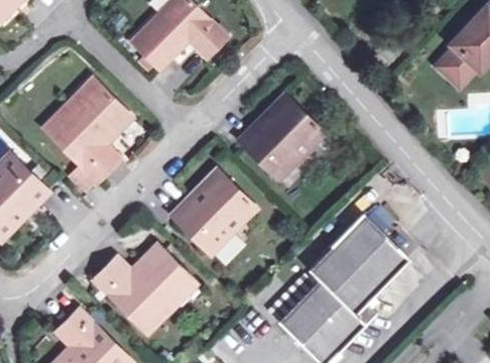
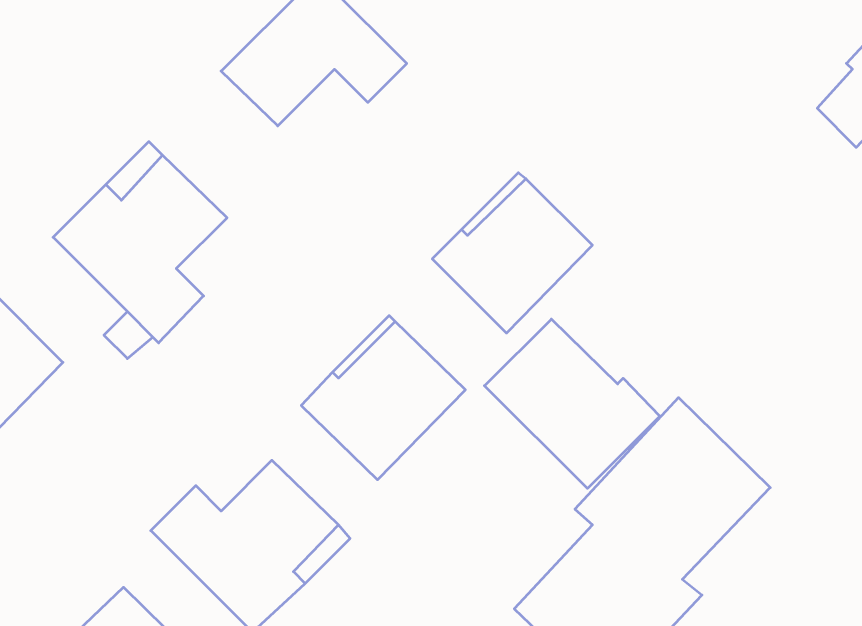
building: none -> [484,319,660,488]

